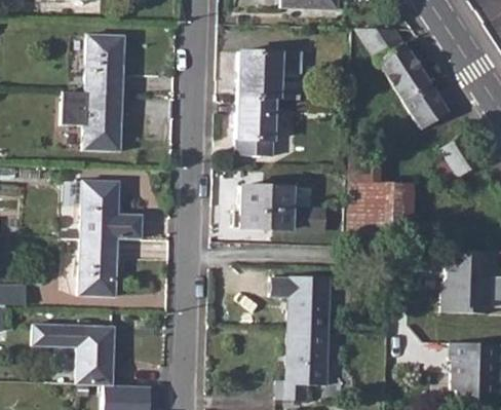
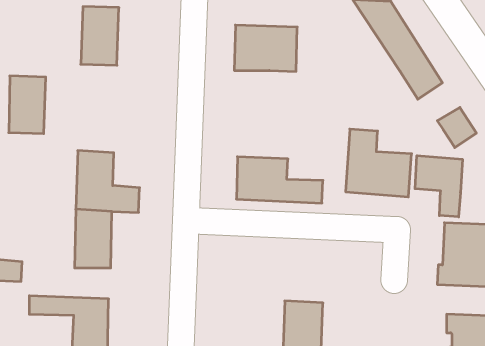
building: [84,92,121,150] -> [9,76,46,134]
building: [237,99,273,157] -> none
building: none -> [415,156,462,217]
building: [268,276,329,331] -> none

